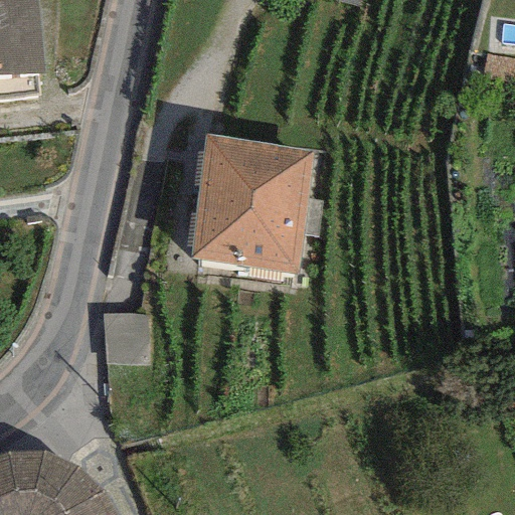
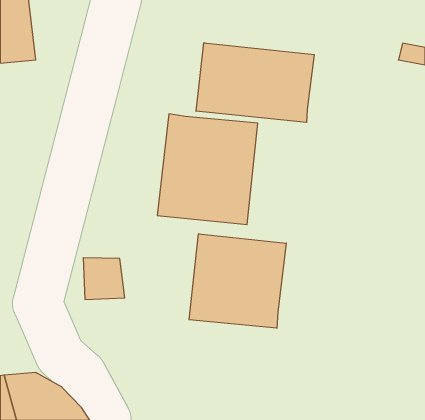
building: none -> [196,43,314,122]
building: none -> [189,234,286,328]

